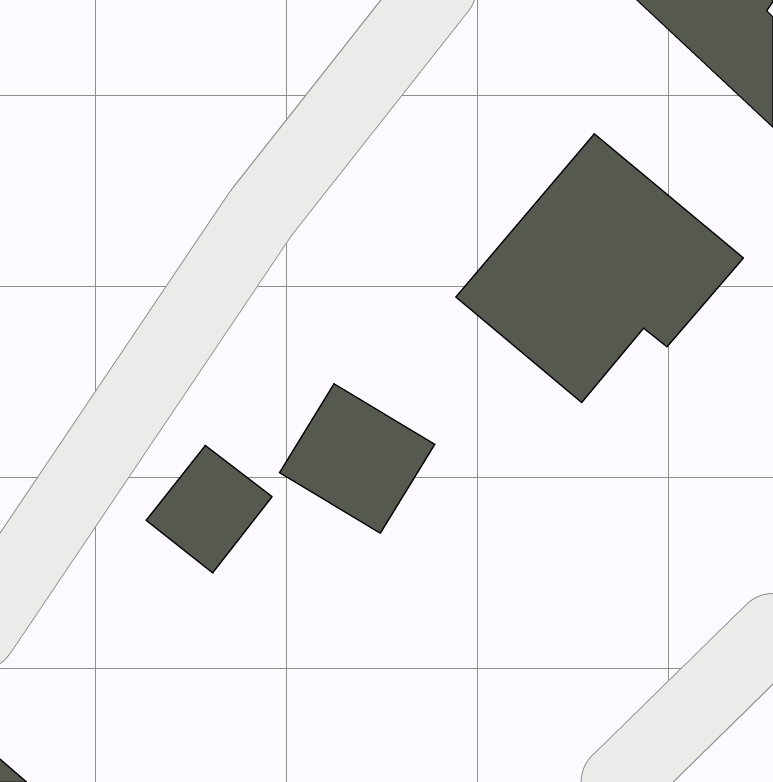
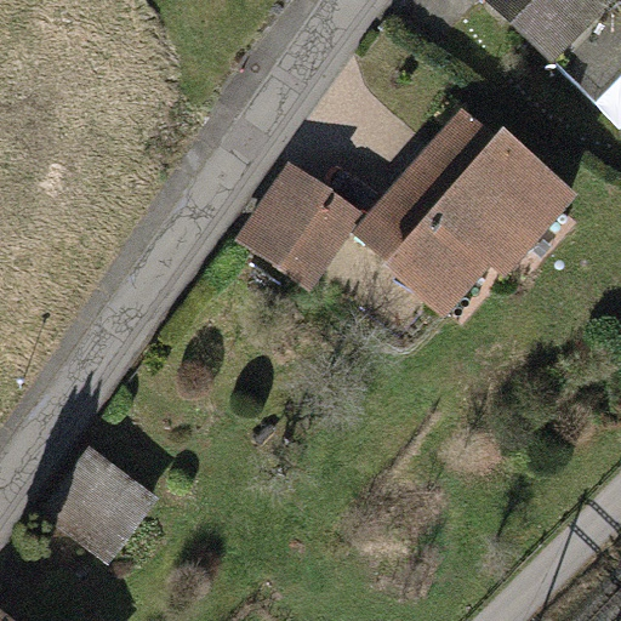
building: [279,384,435,533] -> [240,163,361,279]
building: [146,445,272,573] -> [39,452,137,552]

